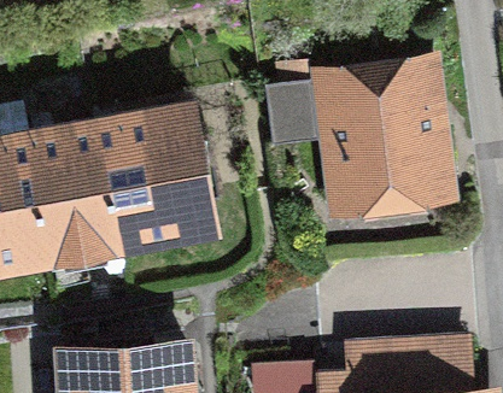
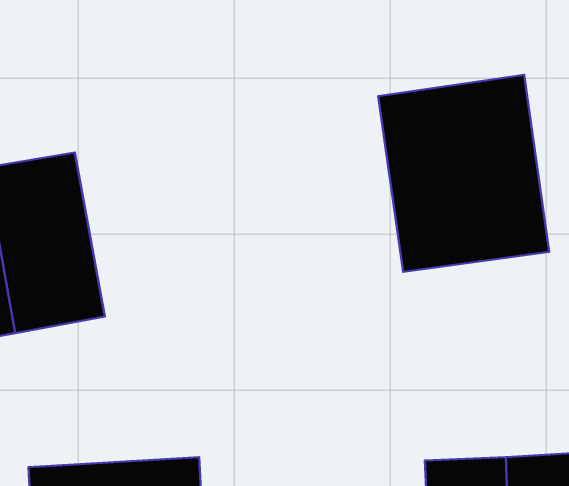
building: [103,107,216,244] -> none

